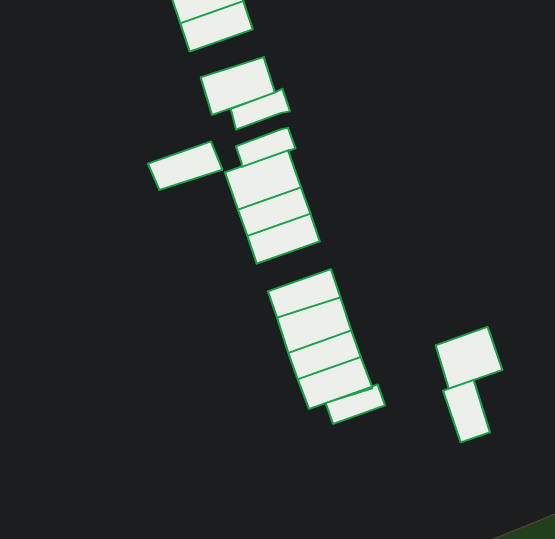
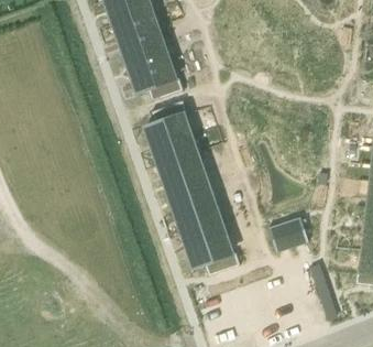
building: [148,142,222,190] -> [123,42,167,71]
building: none -> [163,167,207,197]
building: [443,380,490,442] -> none

